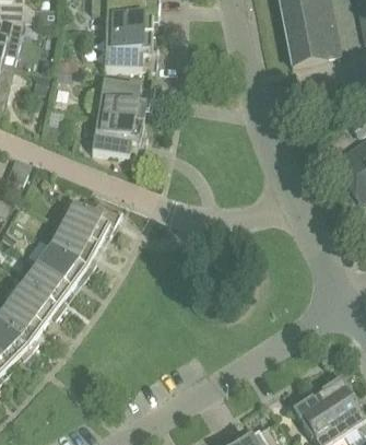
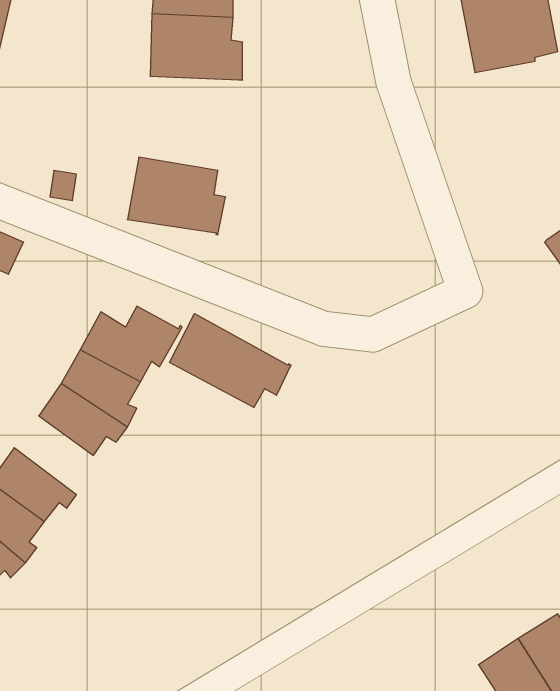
building: [96,79,154,121] -> none
building: none -> [170,314,291,408]
building: [24,264,70,309] -> none

